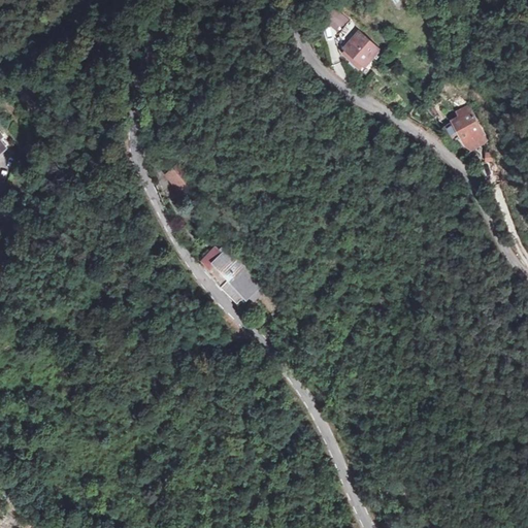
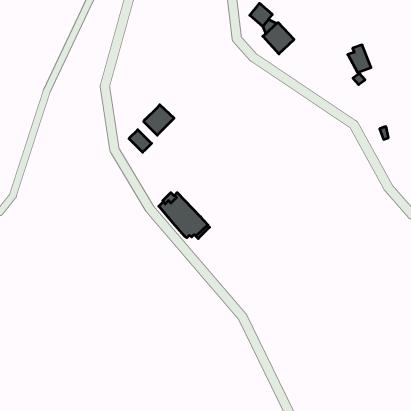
building: [452,112,482,147] -> [348,45,371,72]
building: none -> [144,105,174,135]

